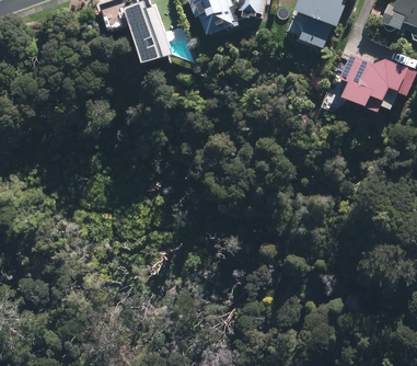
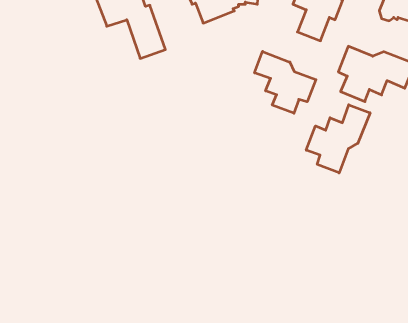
building: none -> [255,51,316,113]
building: none -> [306,105,370,173]

